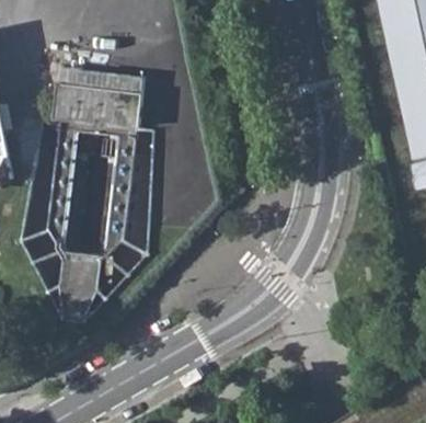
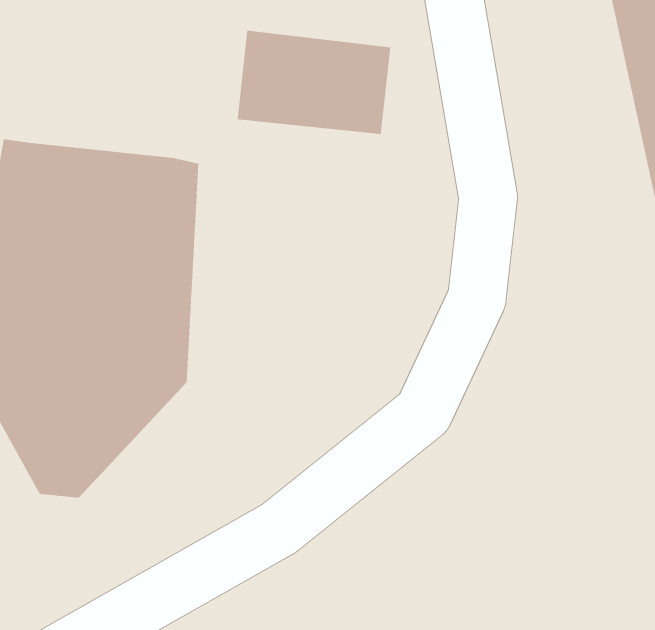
building: [55,66,143,126] -> [237,30,391,135]

